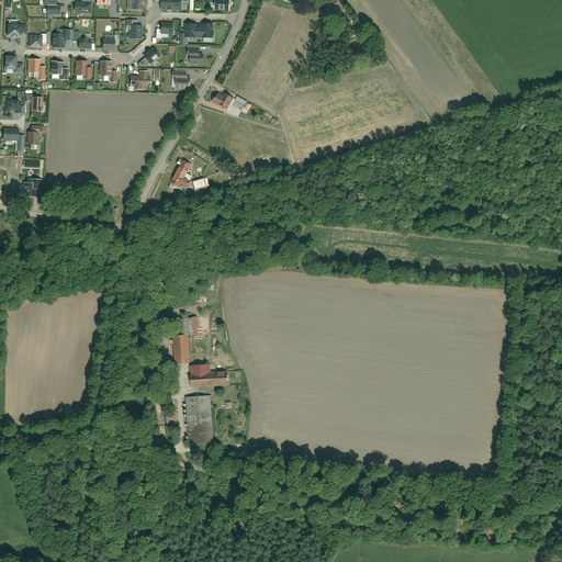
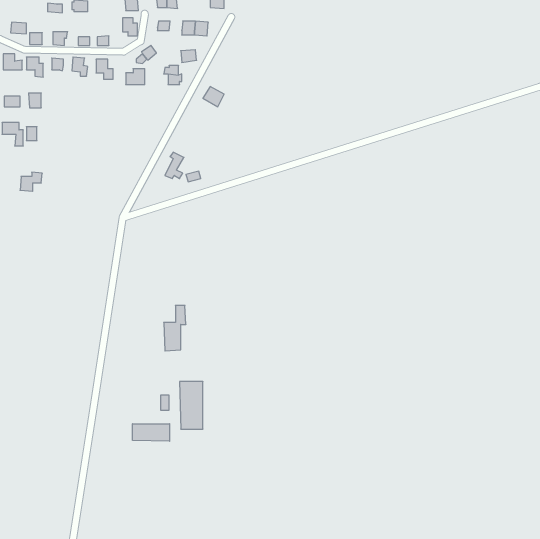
building: [190,363,229,385] -> none
building: none -> [133,424,170,441]

